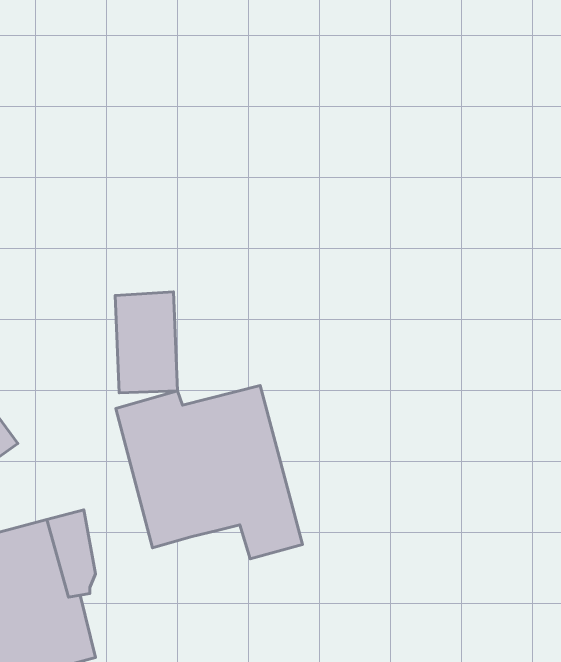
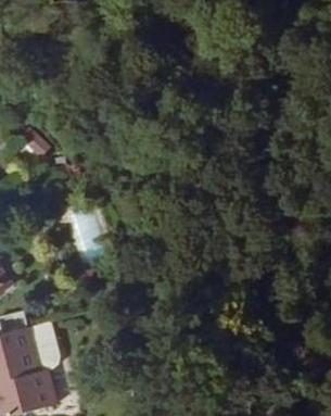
building: [116,385,302,559] -> none

